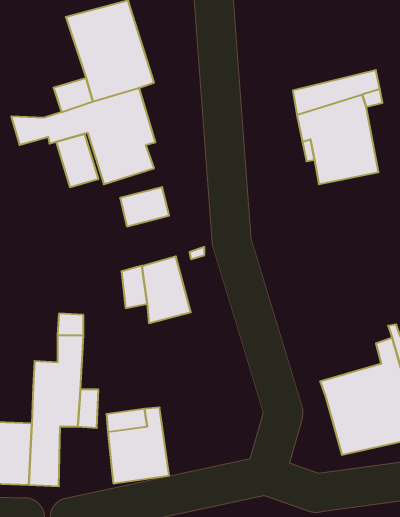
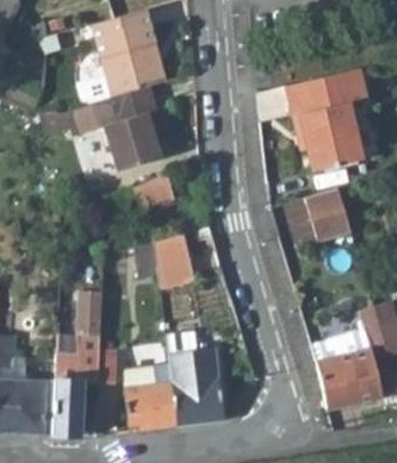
building: none -> [304,187,352,239]
building: none -> [167,332,224,425]

